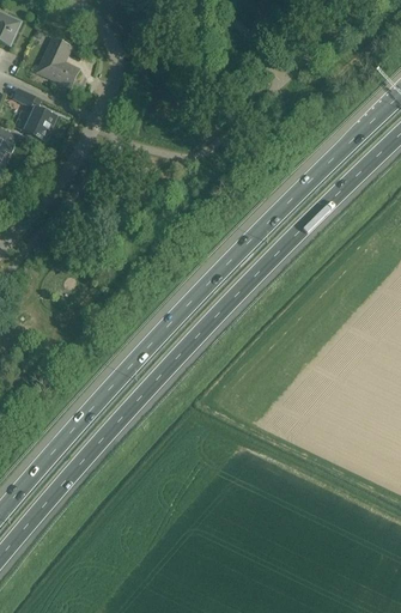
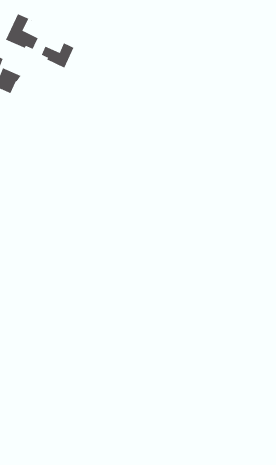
building: none -> [40,41,74,69]

